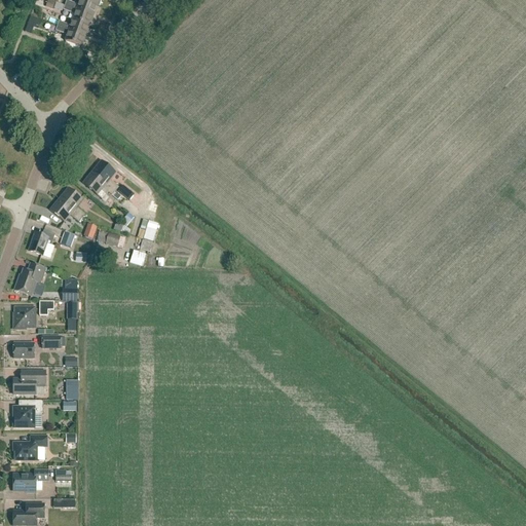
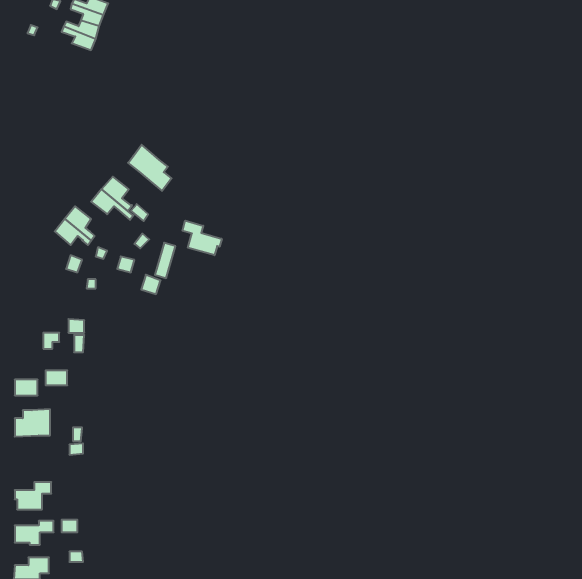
building: none -> [128,145,172,191]
building: none -> [182,221,222,255]
building: [29,228,55,257] -> none
building: [14,262,45,295] -> none
building: [13,306,35,328] -> none
building: [13,399,43,426] -> none

